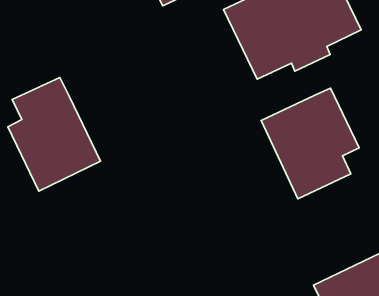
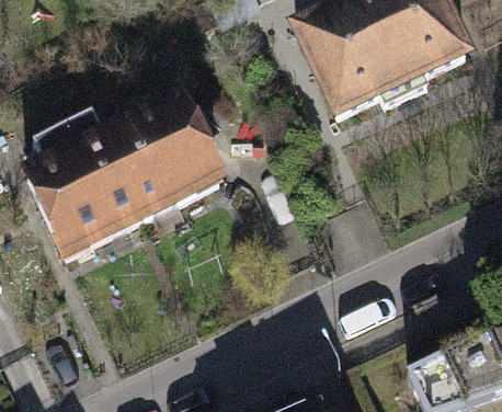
building: none -> [103,93,219,218]
building: [261,88,359,199] -> none

